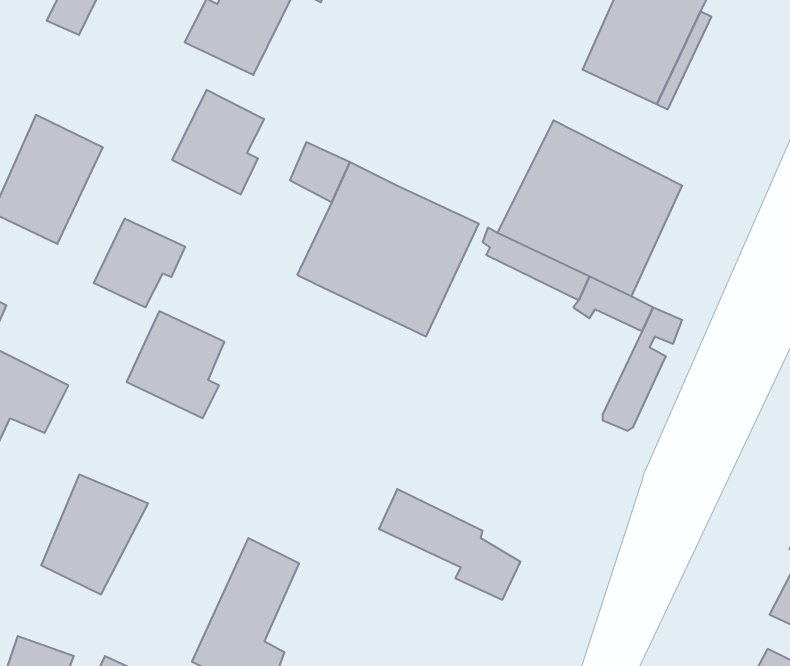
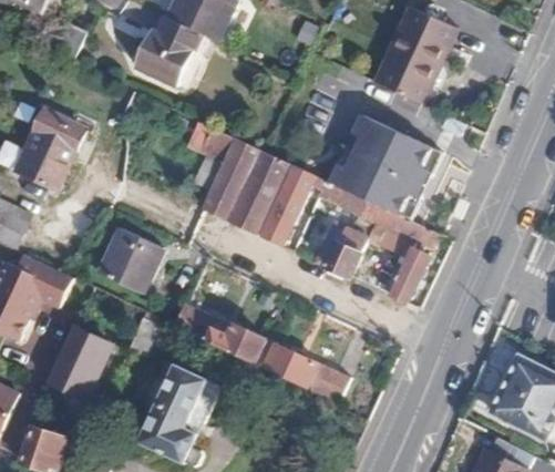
building: [172,90,264,195] -> none
building: [94,218,185,307] -> none
building: none -> [317,222,368,276]
building: none -> [174,299,265,362]

